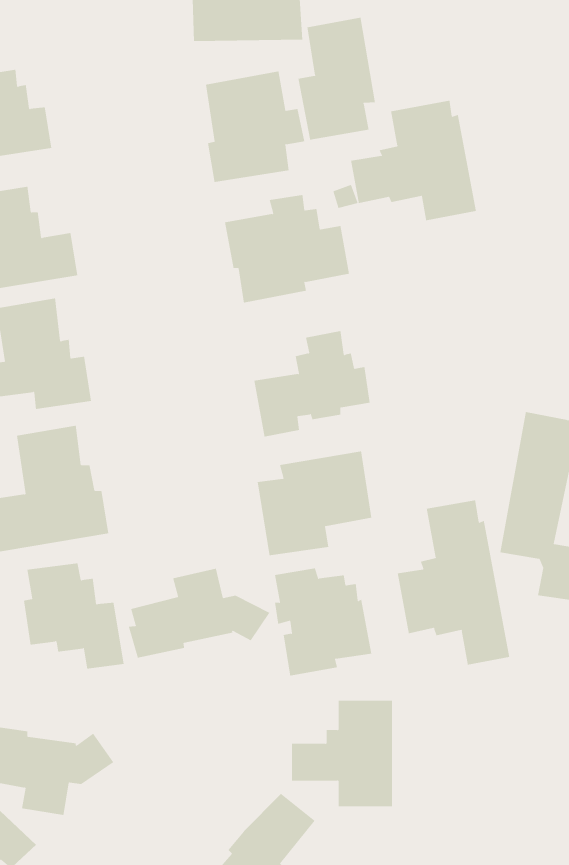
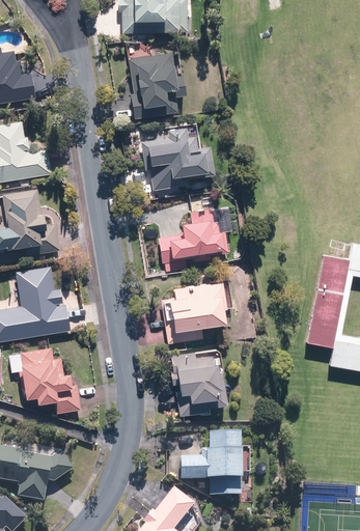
building: [298,17,376,140] -> none
building: [350,100,477,221] -> none
building: [397,500,510,666] -> none
building: [128,568,270,659] -> none

